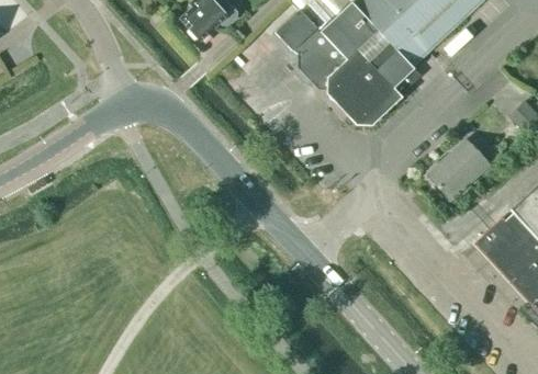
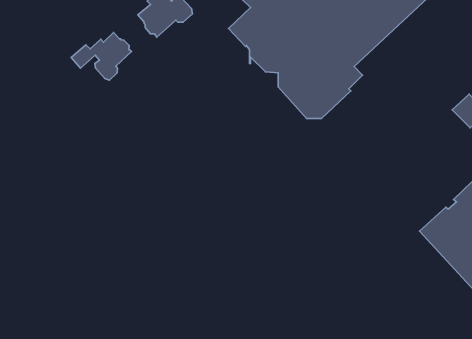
building: none -> [71,32,132,80]
building: [427,138,490,200] -> none

